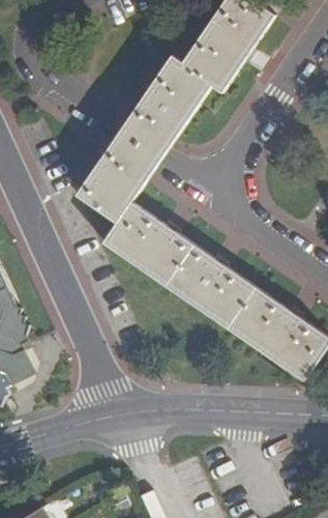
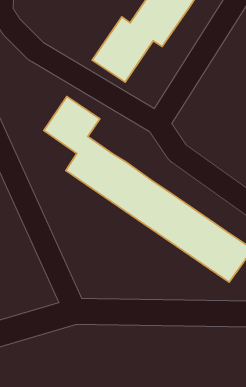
building: [105,109,176,180] -> none

